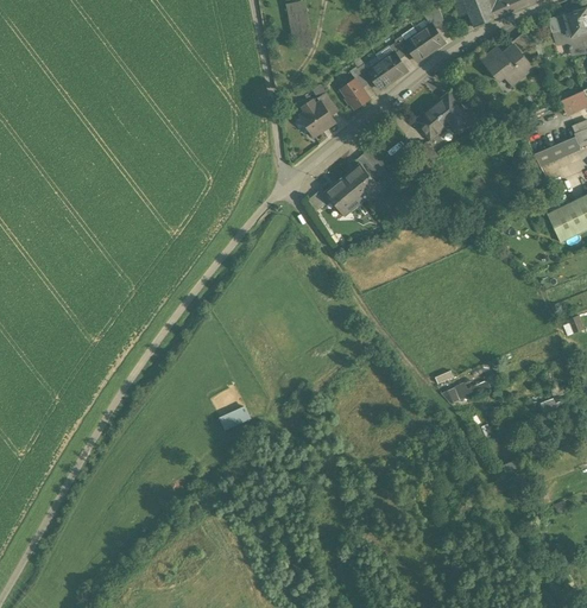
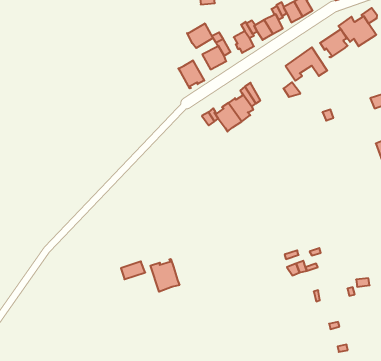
building: none -> [320,29,348,57]
building: none -> [187,23,213,48]
building: none -> [178,60,204,88]
building: none -> [150,259,179,292]

